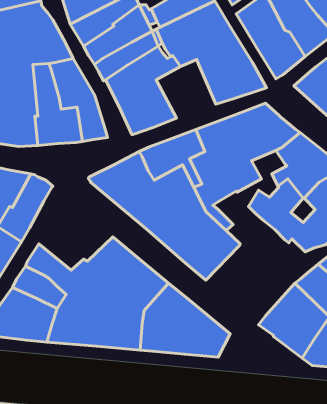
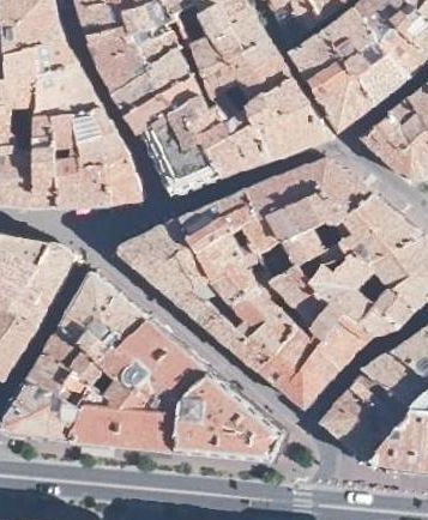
building: none -> [198,108,269,177]
building: none -> [257,264,374,409]
building: none -> [59,272,146,357]

